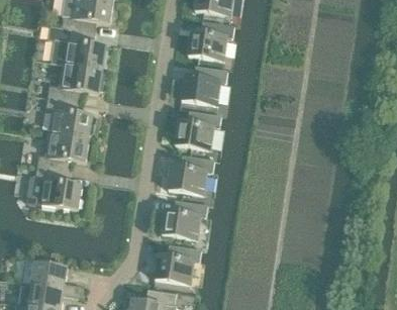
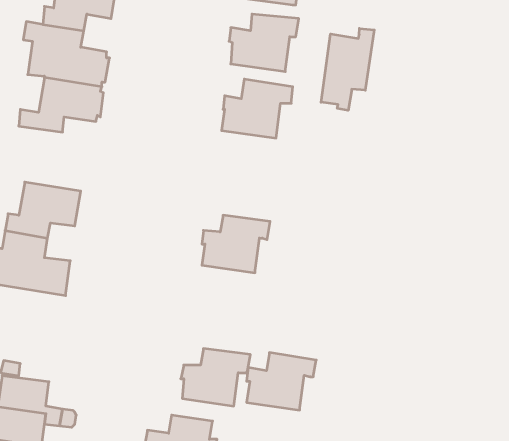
building: none -> [321,28,374,110]
building: [44,96,91,139] -> none
building: [174,110,221,148] -> none
building: [162,200,208,238] -> [247,353,316,410]

